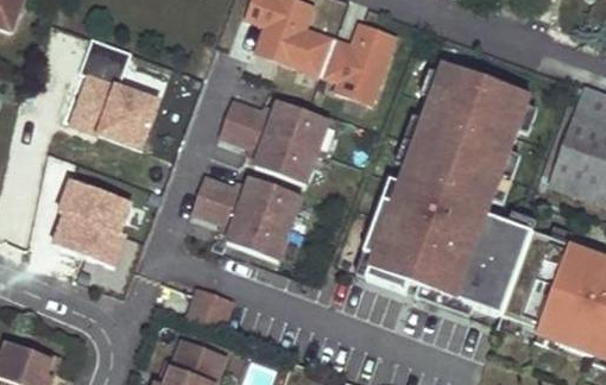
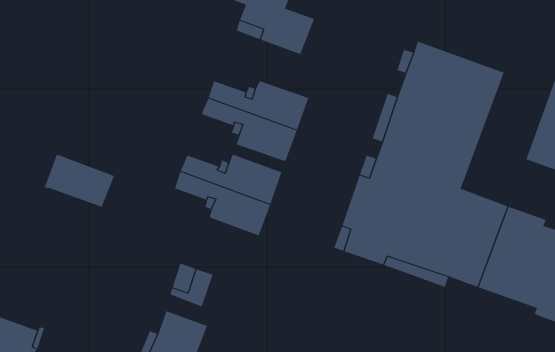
building: [322,25,398,105] -> none
building: [72,38,160,149] -> none
building: [52,213,125,270] -> none

